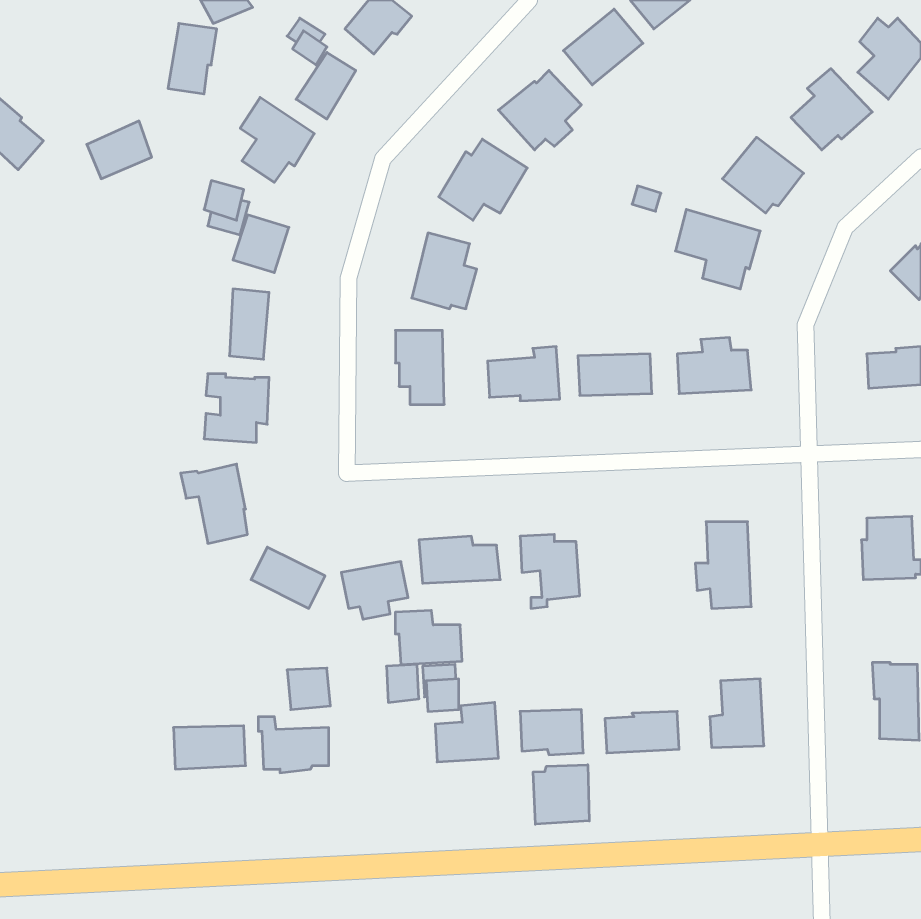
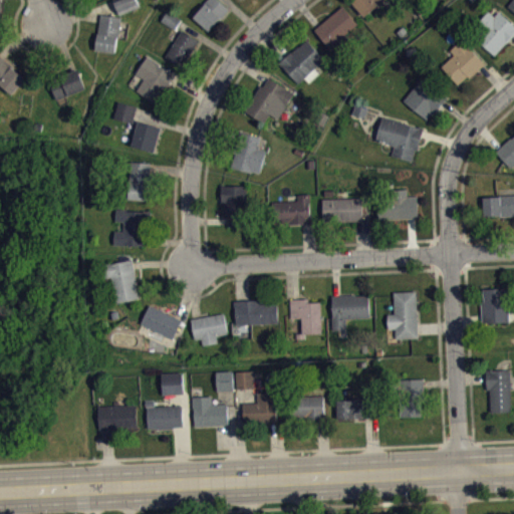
building: none -> [331,293,369,331]
building: [395,610,462,665] -> [191,397,228,427]
building: [533,765,589,824] -> none

